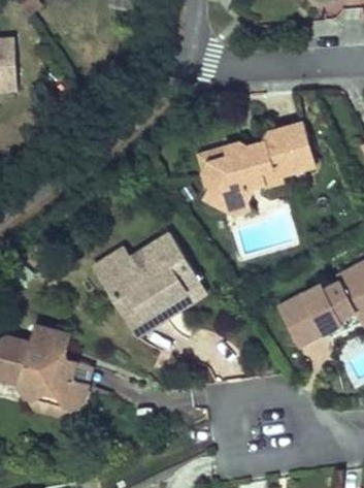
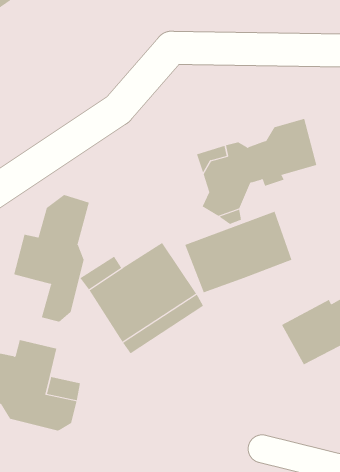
building: none -> [14,194,89,323]
building: none -> [184,211,292,293]

